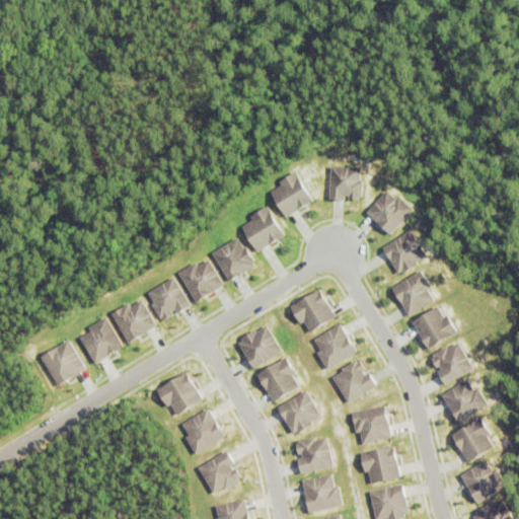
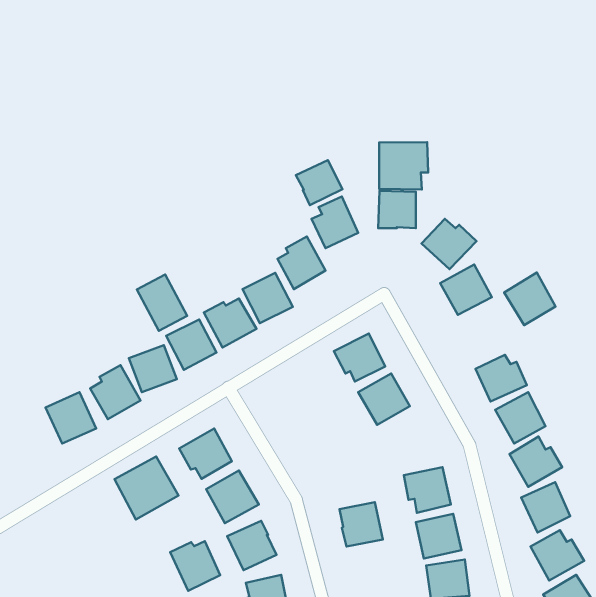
building: none -> [379,142,428,190]
building: none -> [296,160,343,205]
building: none -> [137,274,187,331]
building: [390,271,435,316] -> [504,272,556,325]
building: [236,324,281,369] -> none
building: [256,359,299,401] -> none
building: [330,360,375,403] -> none
building: [276,390,320,434] -> none
building: none -> [115,456,178,520]
building: none -> [170,541,220,591]
building: [302,475,341,512] -> none

